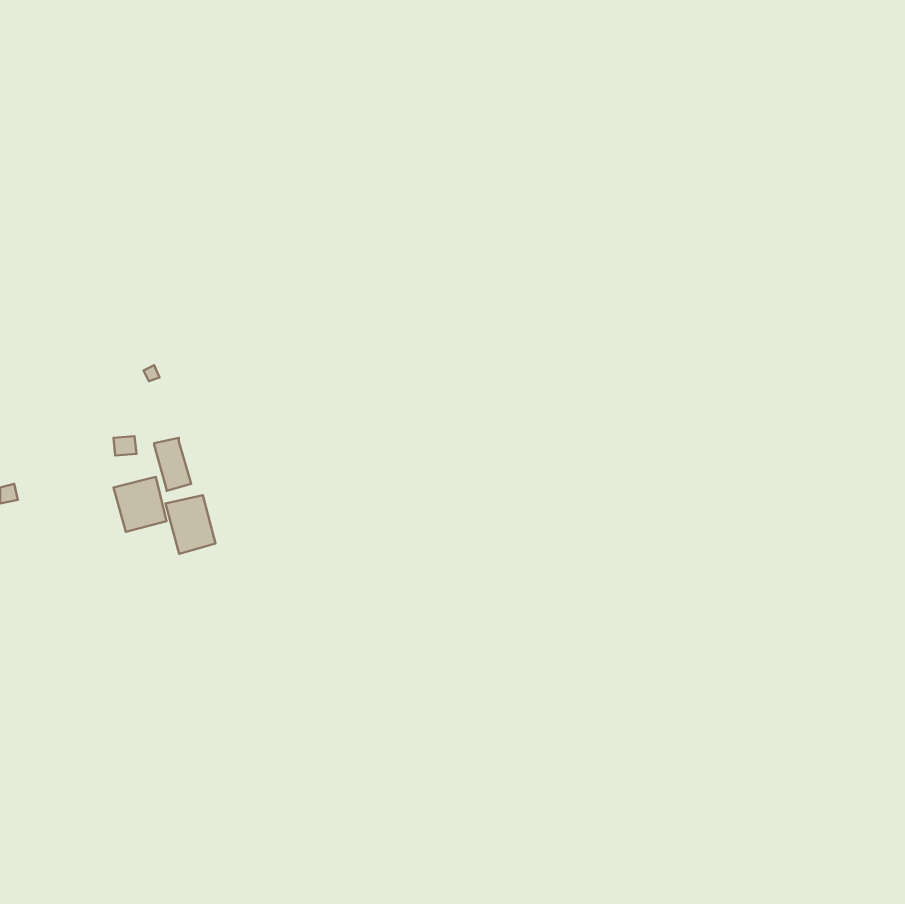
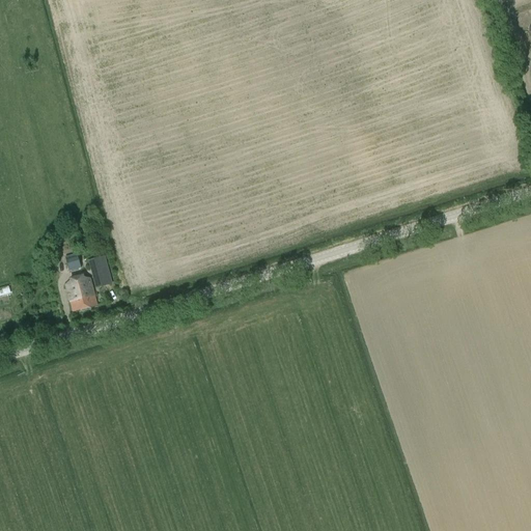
building: [166,495,215,554] -> none

